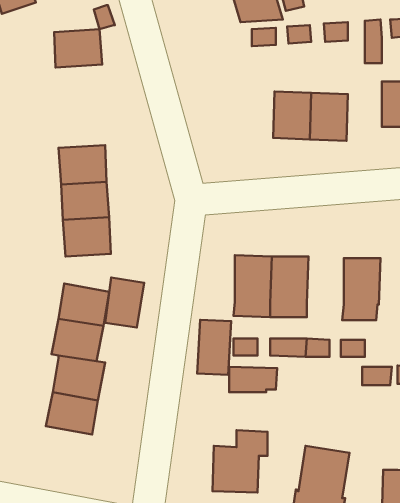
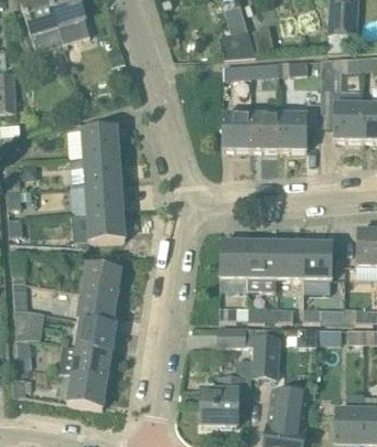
building: [54,29,102,67] -> [80,126,118,156]
building: none -> [220,111,250,148]
building: none -> [276,241,304,278]
building: [105,277,144,328] -> none
building: [197,320,231,375] -> [252,332,279,375]
building: none -> [67,373,108,407]

